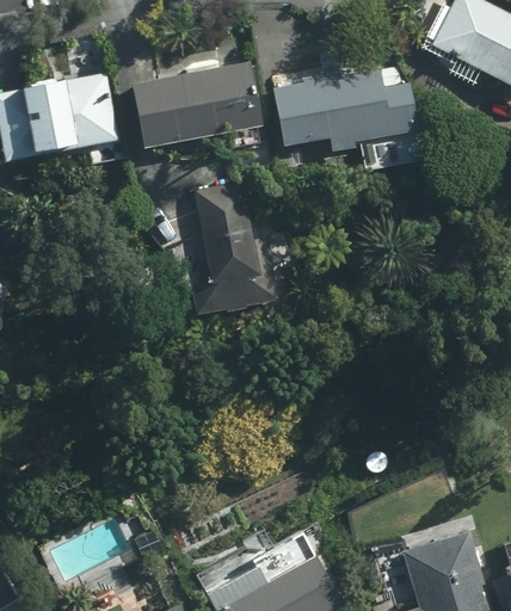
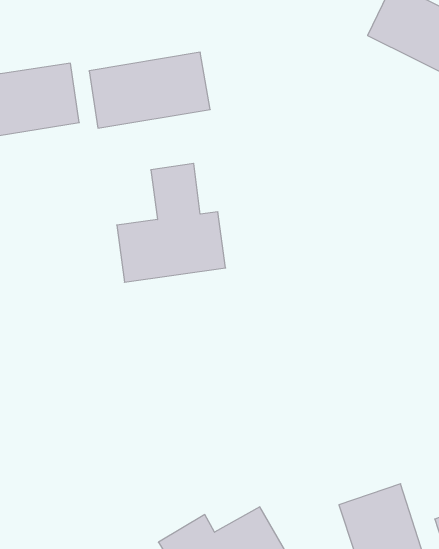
building: [272,70,427,150] -> none

